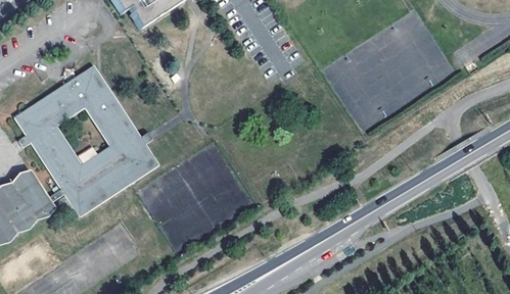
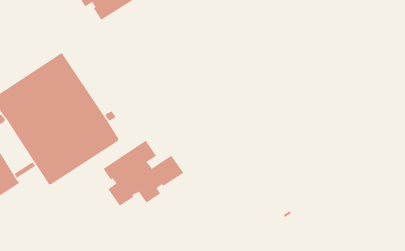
building: none -> [103,140,184,207]

